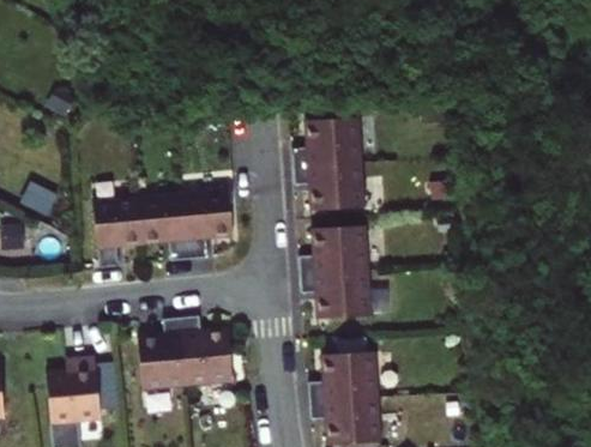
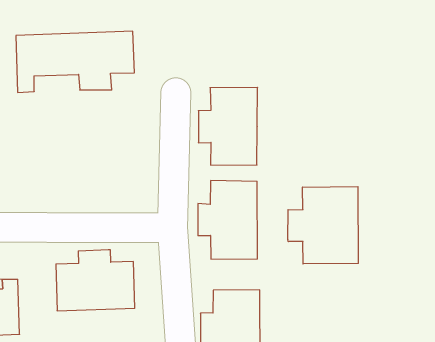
building: [94,188,234,267] -> [16,31,134,92]
building: none -> [288,187,358,264]

